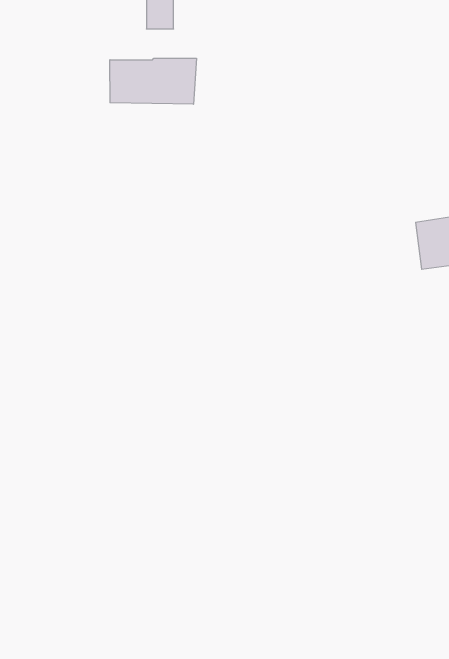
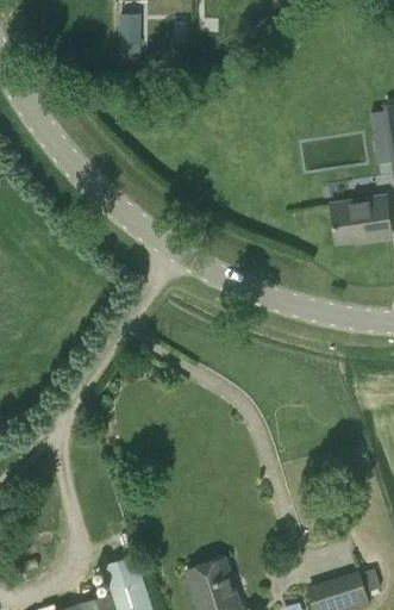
building: [110,58,196,104] -> none

